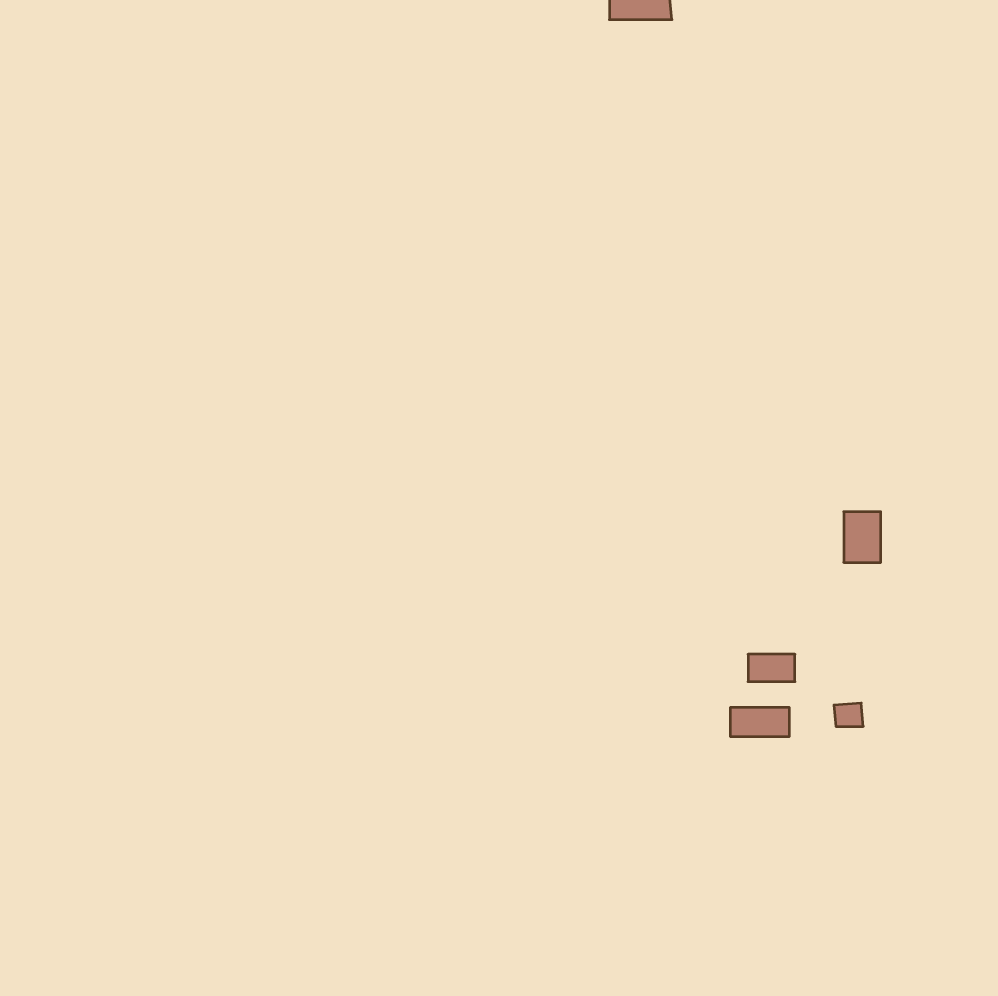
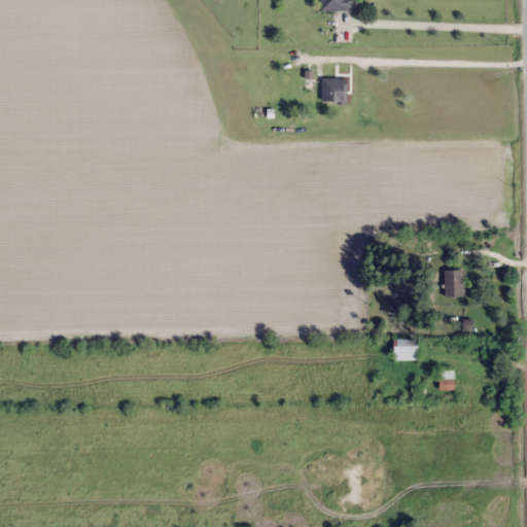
building: none -> [323,78,347,102]
building: [731,707,789,737] -> none

